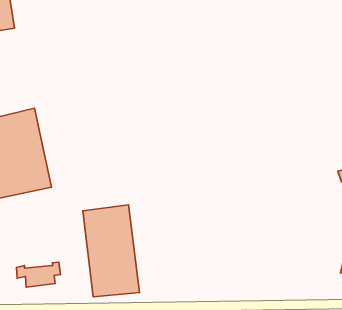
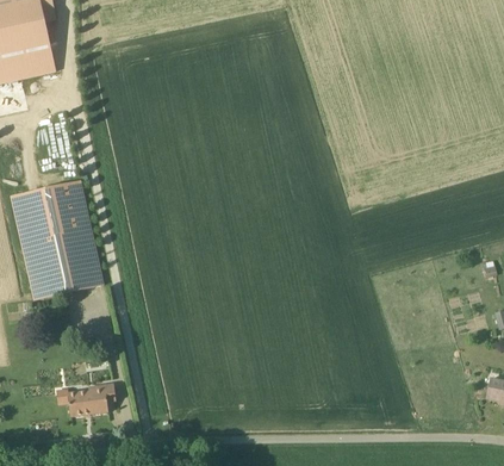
building: [83,205,139,297] -> none

